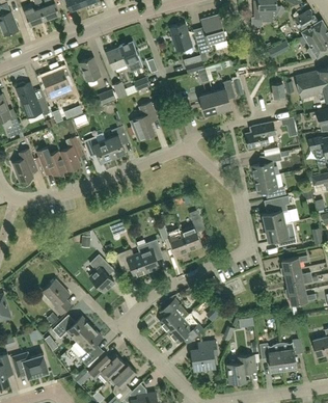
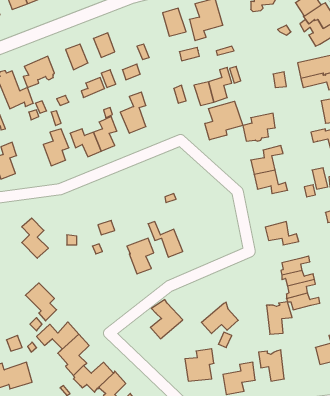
building: [119,43,143,75] -> none
building: none -> [205,101,243,140]
building: [35,147,66,177] -> none
building: [263,195,291,229] -> none
building: [181,210,206,251] -> none
building: [116,249,146,276] -> none
building: [89,256,114,293] -> [22,218,48,258]
building: [168,314,202,343] -> [201,302,238,334]
building: [280,340,304,370] -> [266,302,292,334]

